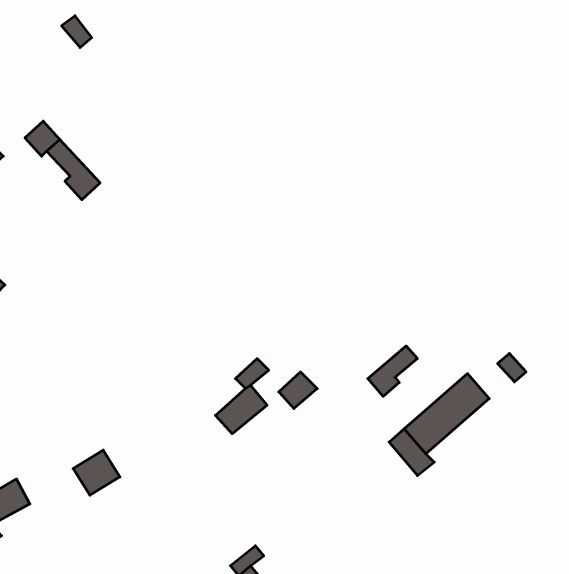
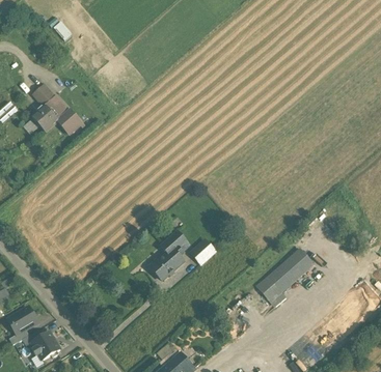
building: none -> [31,104,60,132]
building: [368,346,417,396] -> none
building: [73,450,120,495] -> [30,333,59,361]

